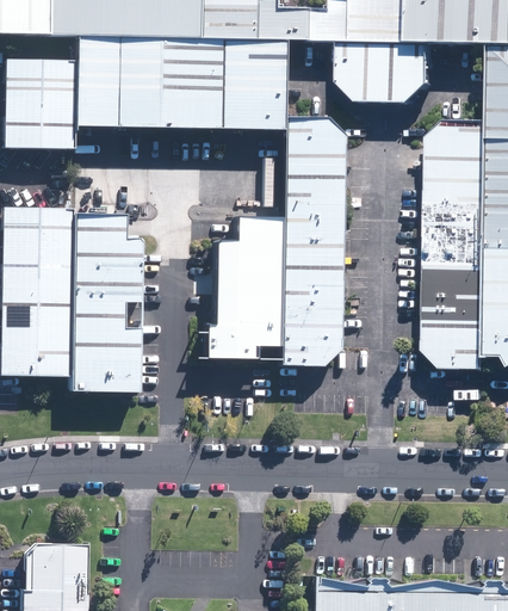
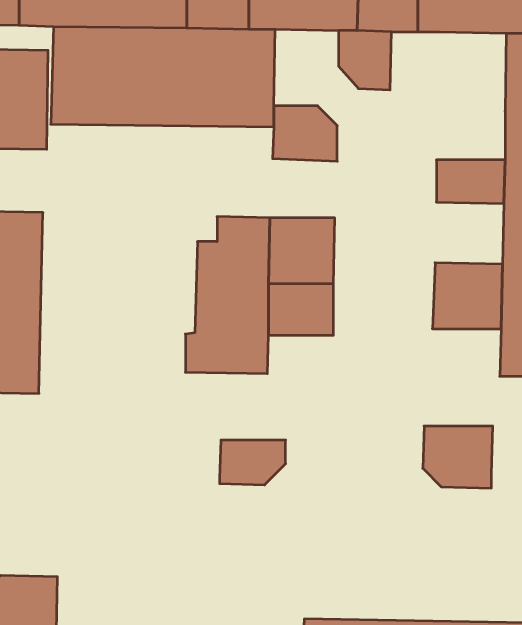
building: [386,47,430,99] -> none
building: [428,117,490,162] -> none
building: [278,161,339,215] -> none
building: [427,200,489,257] -> none
building: [72,206,142,395] -> none
building: [423,315,487,371] -> [423,426,493,488]
building: [275,321,335,362] -> [220,440,286,485]

